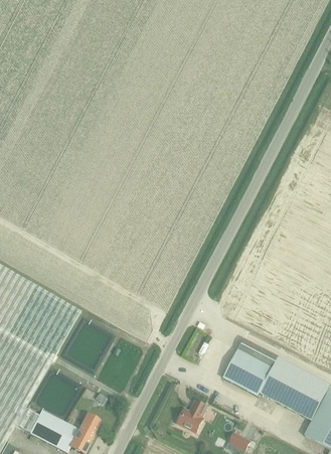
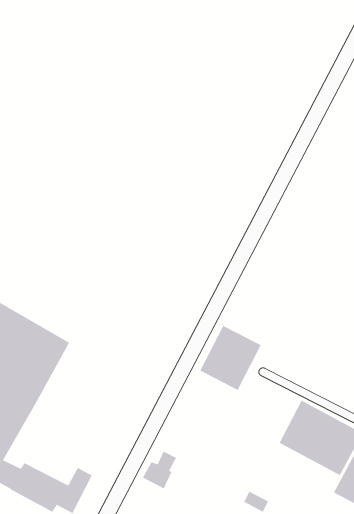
building: [223,338,277,395] -> [199,325,262,391]
building: [176,400,206,433] -> [142,451,177,490]

